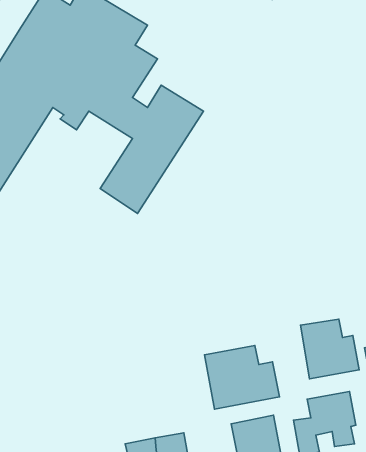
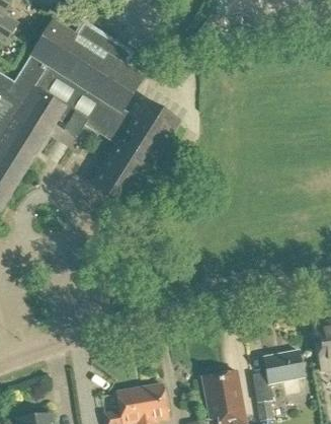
building: [301,319,359,379] -> none
building: [204,346,279,409] -> none

